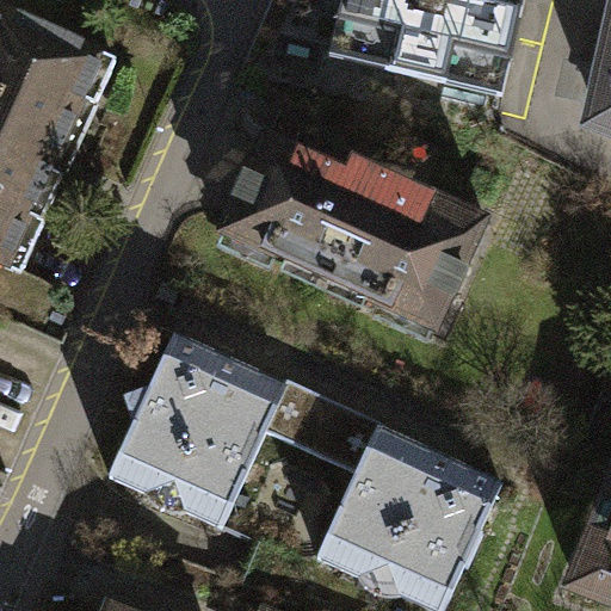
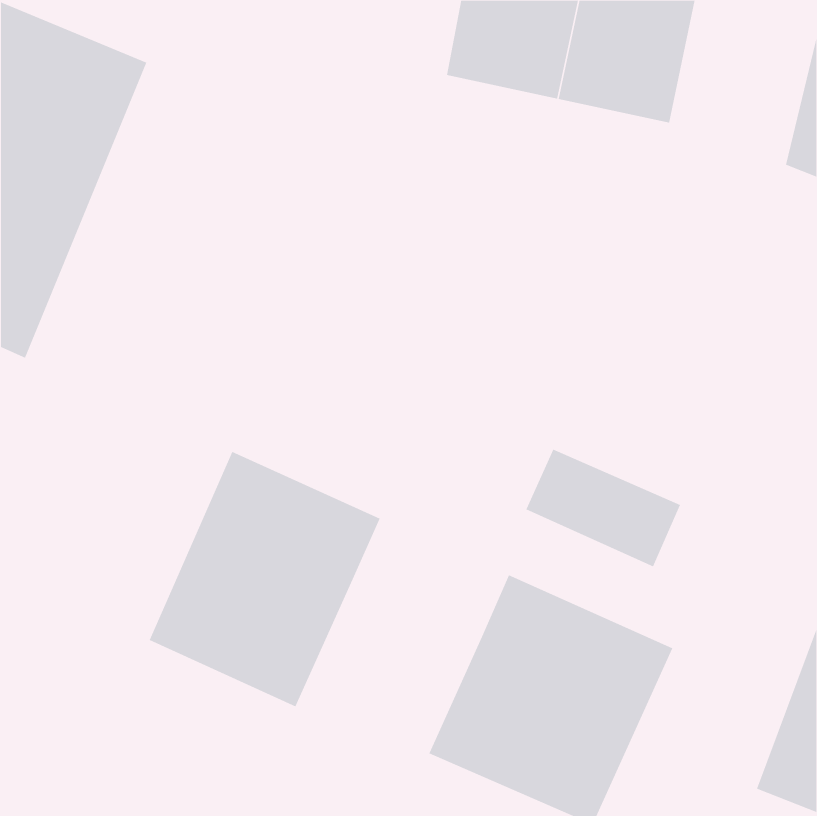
building: [227,112,488,317] -> none
building: [264,388,379,476] -> [526,449,681,567]

